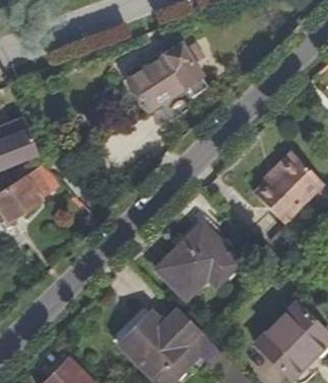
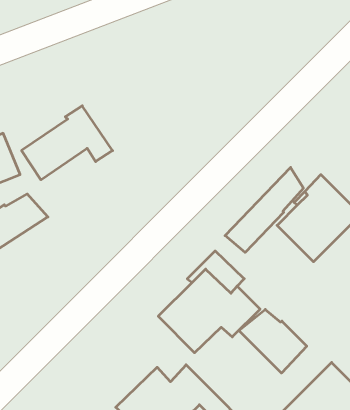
building: [129,44,204,105] -> [22,106,113,180]
building: none -> [225,167,303,252]
building: none -> [239,309,307,373]

